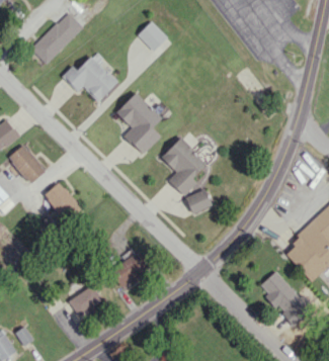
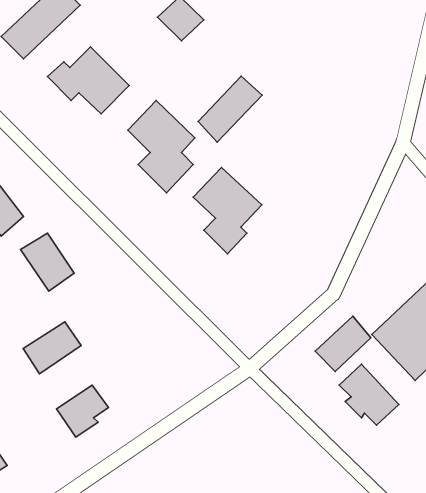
building: none -> [198,76,262,142]
building: [185,188,213,214] -> none
building: none -> [315,316,371,372]
building: [110,252,150,287] -> [23,322,81,374]

